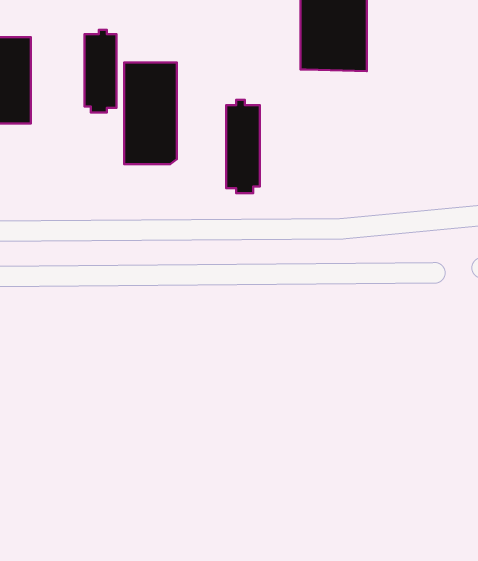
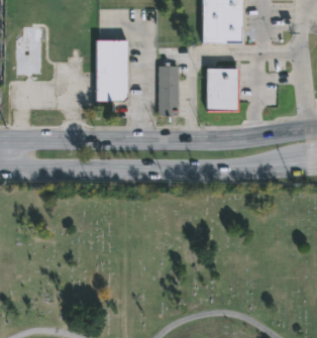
building: [85,30,117,112] -> none
building: none -> [204,67,233,110]

